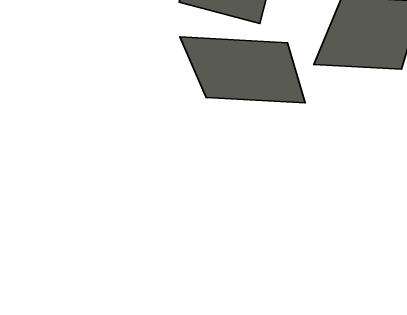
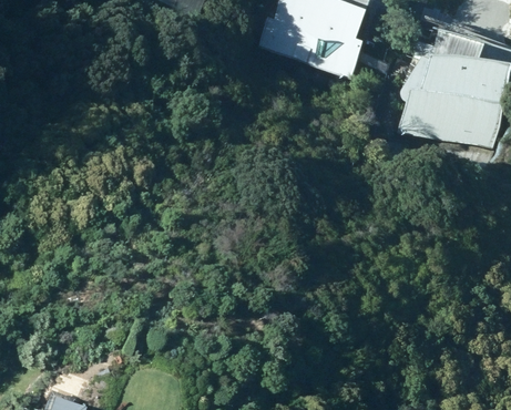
building: [180,37,305,103] -> none

